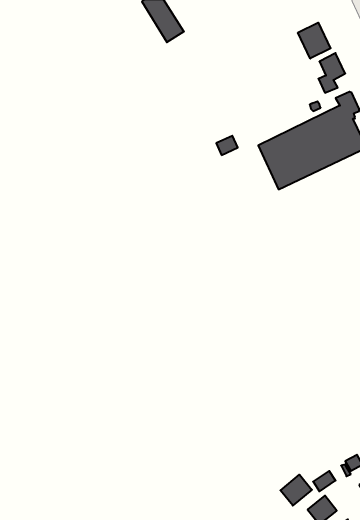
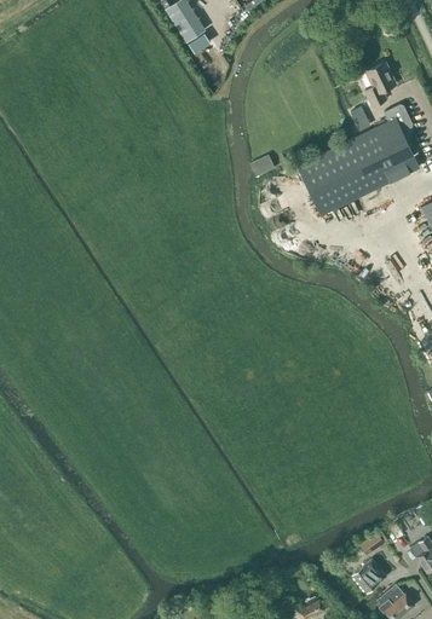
building: [298,23,331,59] -> none
building: [280,475,312,506] -> none

